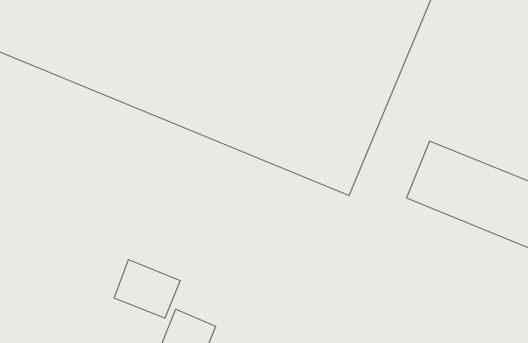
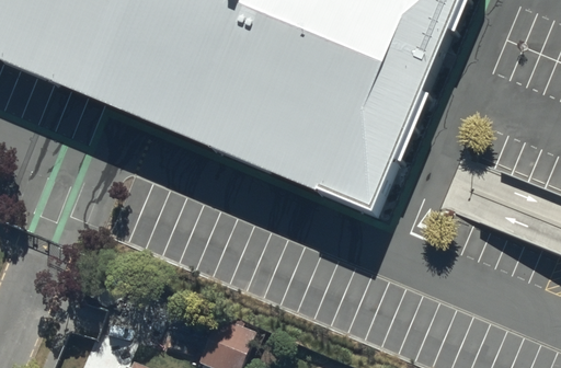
building: [114,260,180,318] -> none

